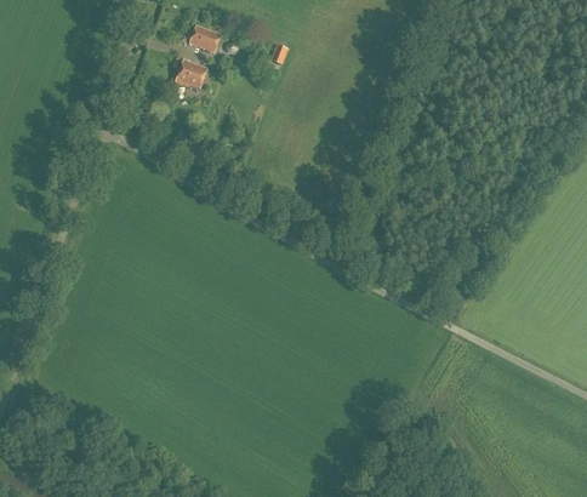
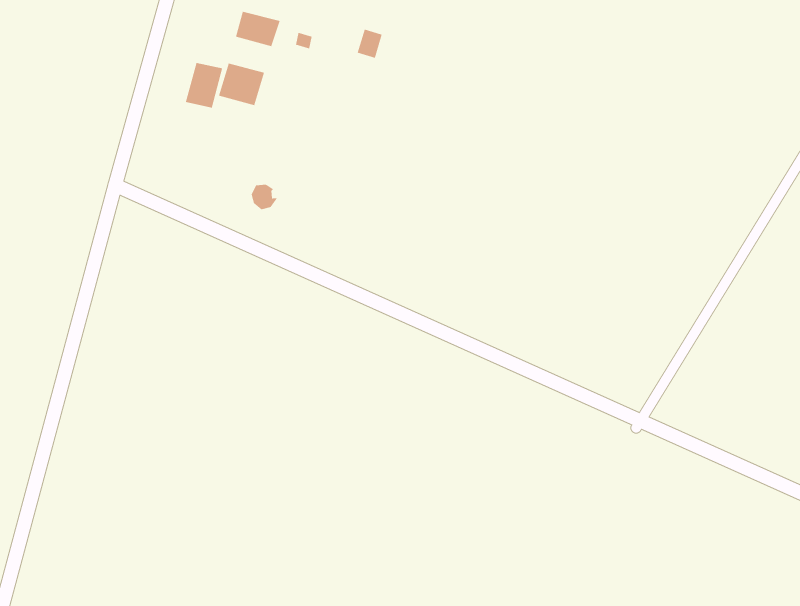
building: none -> [185,62,223,108]

